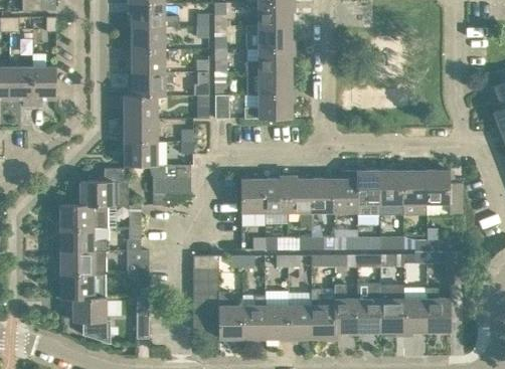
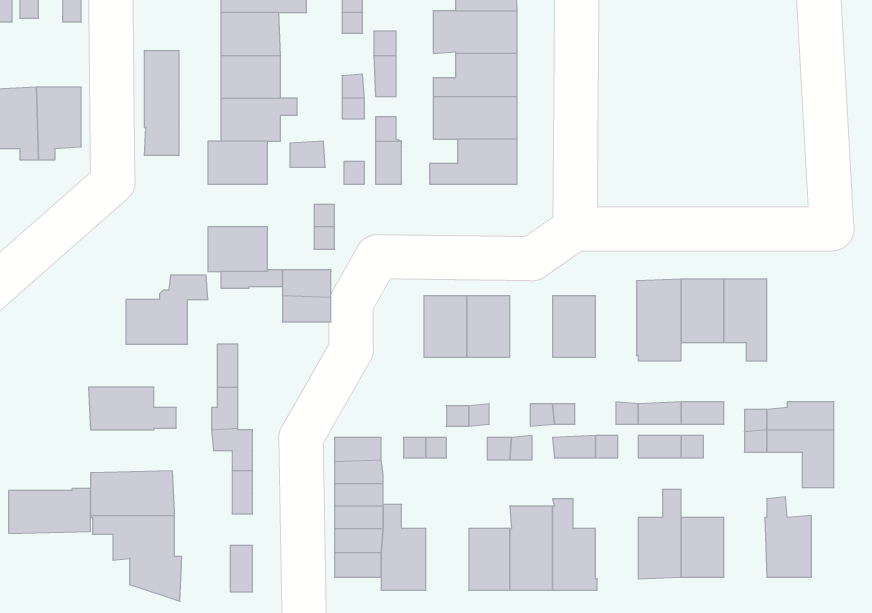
building: none -> [144,50,179,156]
building: [125,119,157,142] -> none
building: [427,170,463,213] -> none
building: [334,171,356,212] -> none
building: [288,179,311,226] -> none
building: [60,204,96,228] -> none
building: [61,250,106,274] -> [9,489,91,533]
building: [334,284,357,332] -> none
building: [403,288,427,331] -> none
building: [242,296,266,338] -> none

